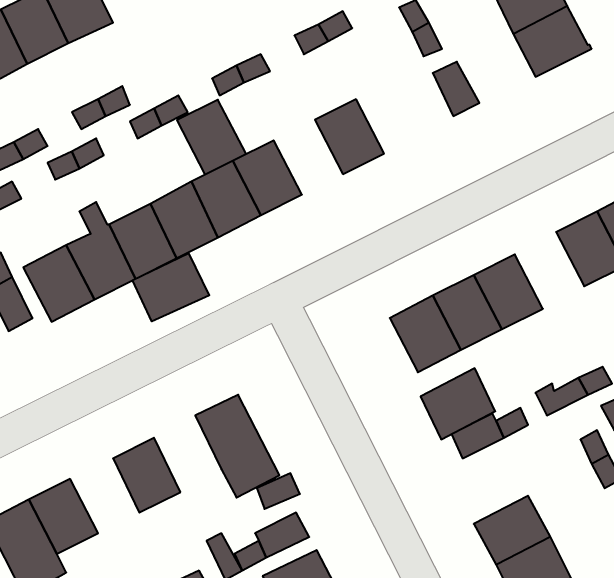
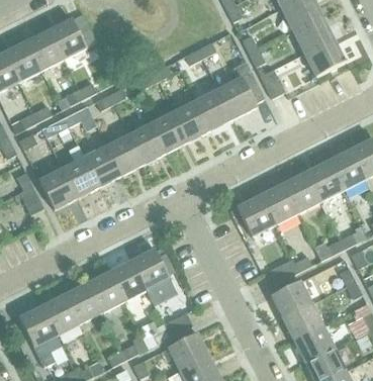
building: none -> [218,61,265,118]
building: [177,100,246,175] -> [174,100,211,140]
building: none -> [304,161,342,202]
building: [133,253,209,321] -> none
building: [421,368,495,439] -> [271,280,311,318]
building: none -> [109,260,146,301]
building: none -> [64,283,101,323]

